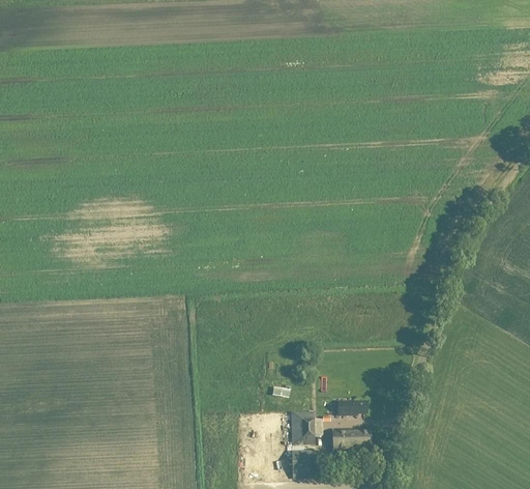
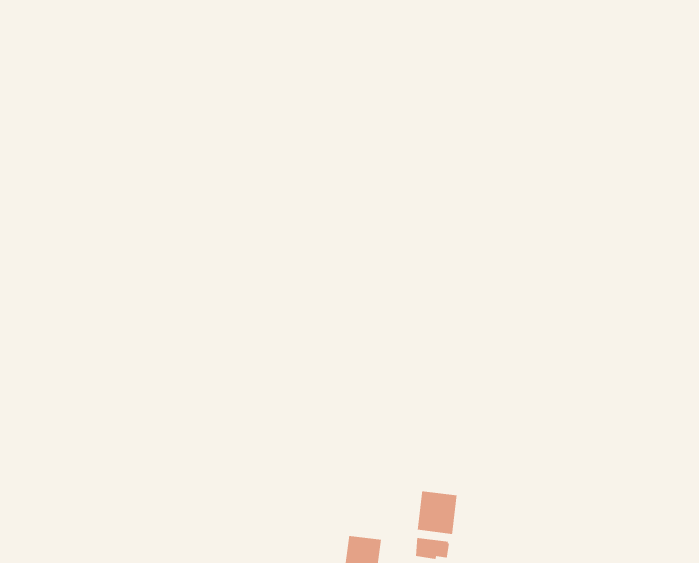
building: none -> [417,490,457,535]

